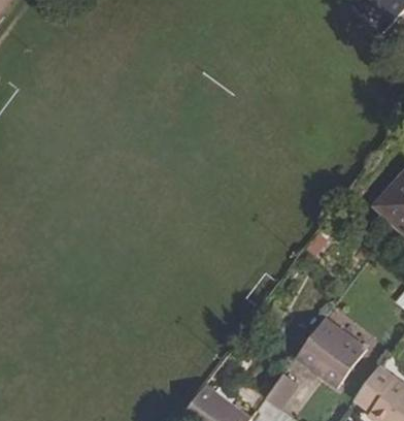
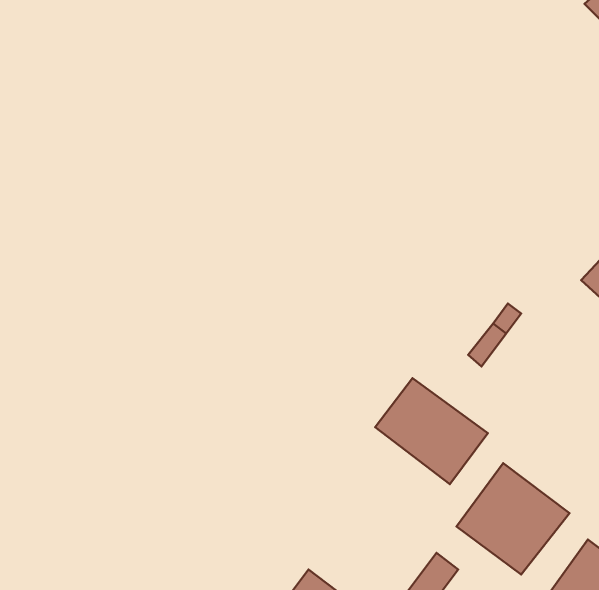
building: none -> [375,378,488,484]

